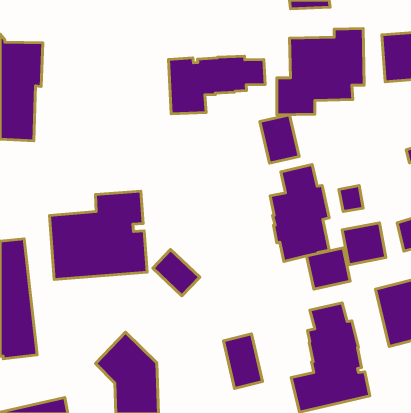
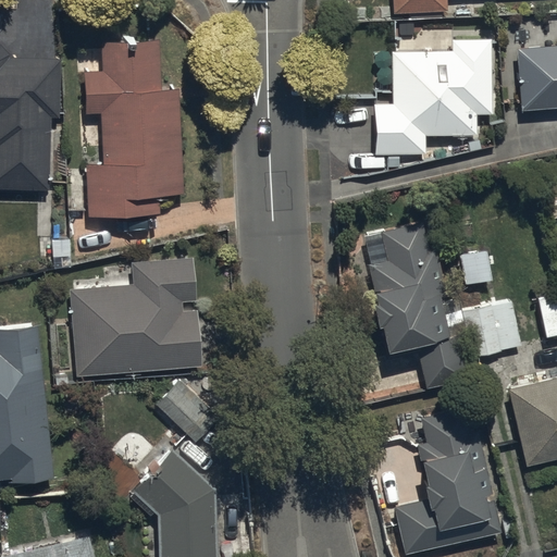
building: none -> [84,37,184,215]
building: [168,56,265,114] -> none
building: [260,115,299,163] -> none
building: [153,250,200,296] -> [156,380,219,442]
building: [224,334,263,388] -> none

